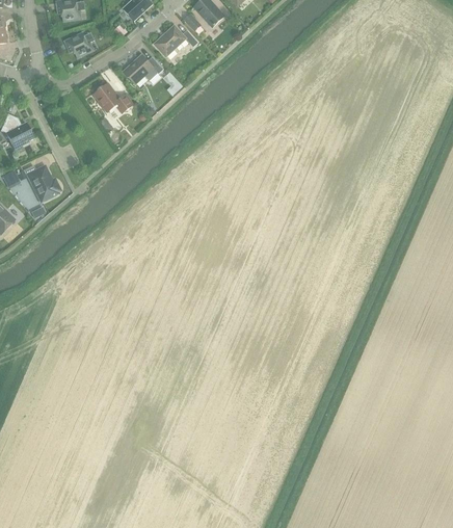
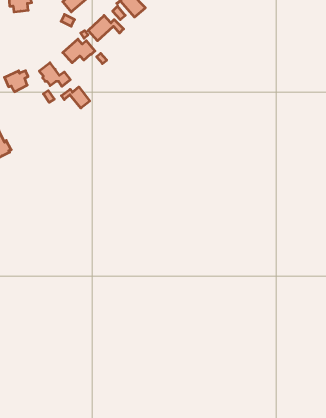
building: [64,31,94,57] -> [4,71,28,92]
building: none -> [61,87,90,108]

